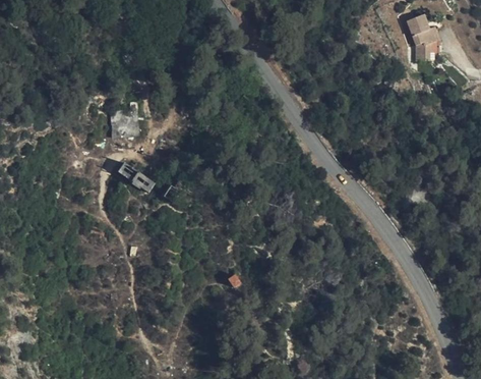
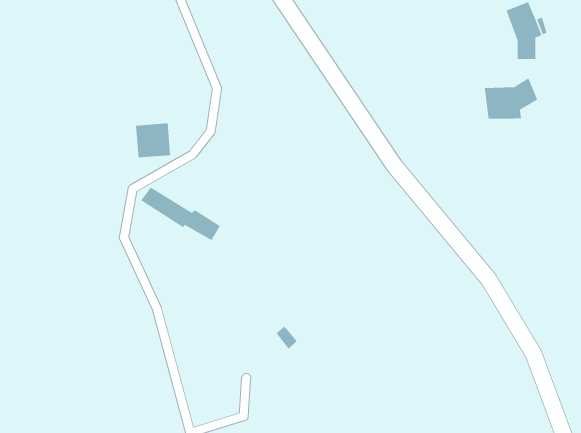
building: none -> [484,77,538,119]

